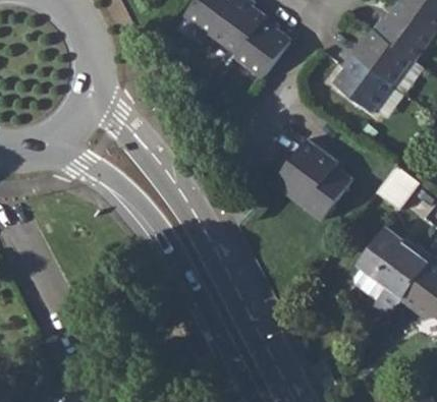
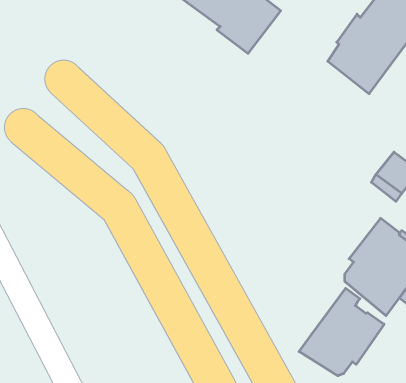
building: [278,140,352,222] -> none
building: none -> [299,288,384,376]

